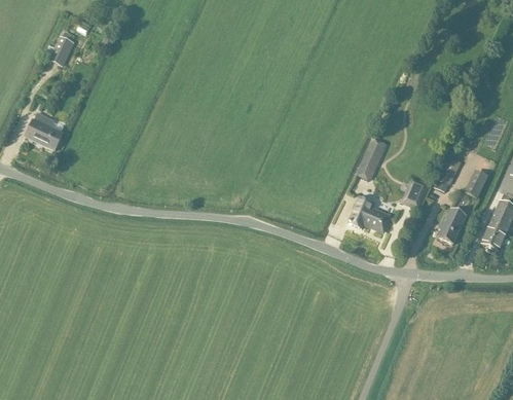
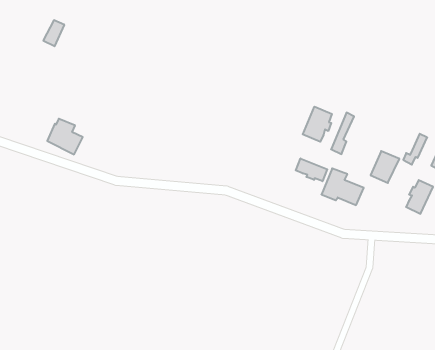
building: [26,112,64,150] -> [47,119,83,154]
building: none -> [303,107,332,142]
building: none -> [296,158,327,181]

